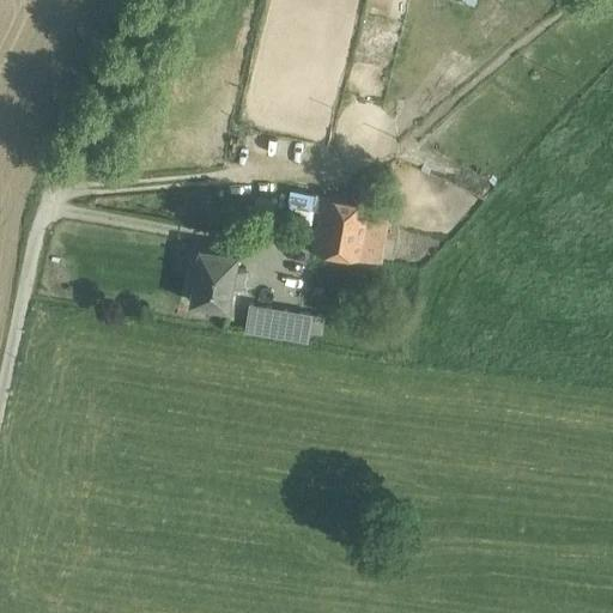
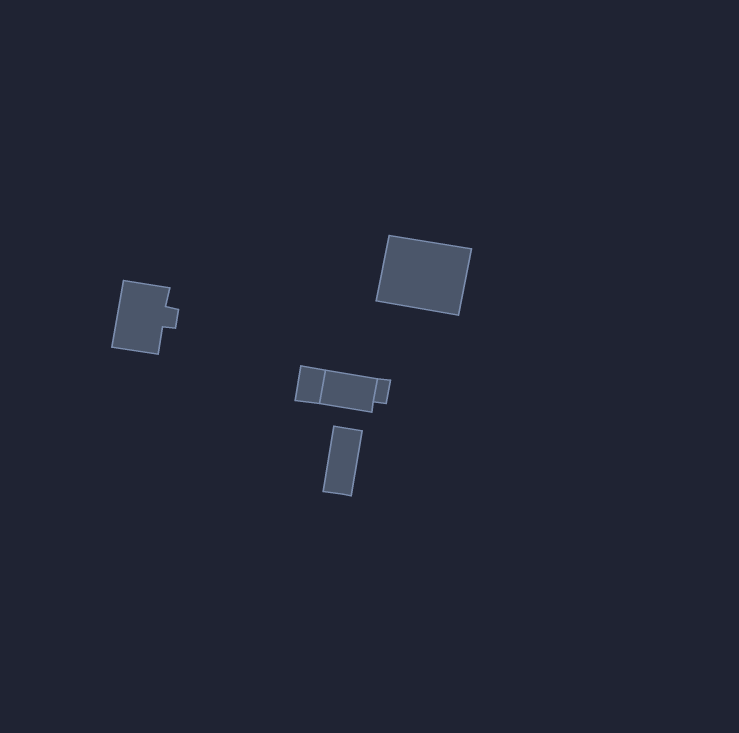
building: [190,250,245,311] -> [112,281,179,354]
building: none -> [323,426,362,496]

